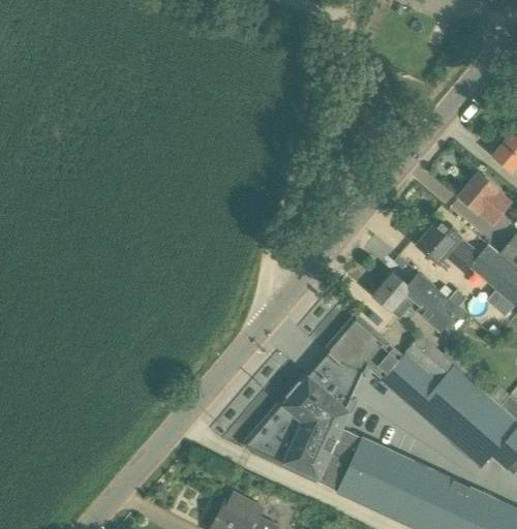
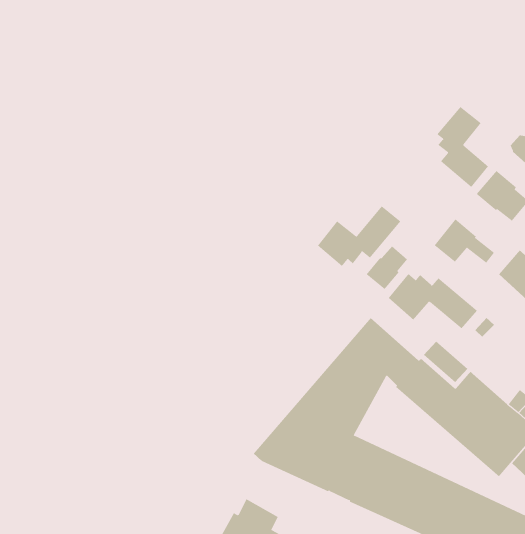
building: none -> [437,106,489,188]
building: none -> [317,206,401,267]
building: none -> [366,246,408,290]

